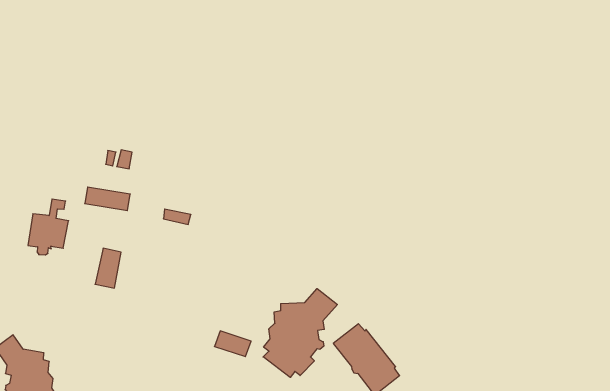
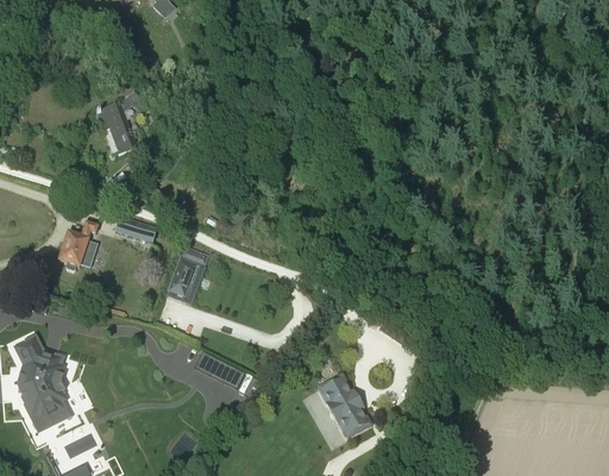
building: none -> [96,89,150,155]
building: [95,248,121,288] -> [168,257,195,294]
building: [263,289,337,377] -> none

